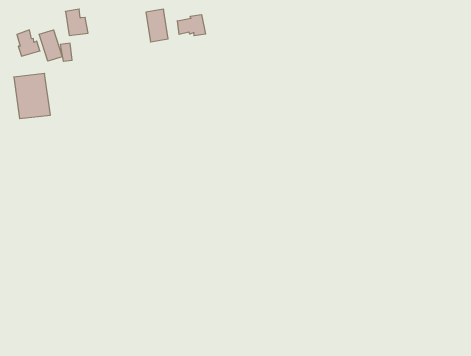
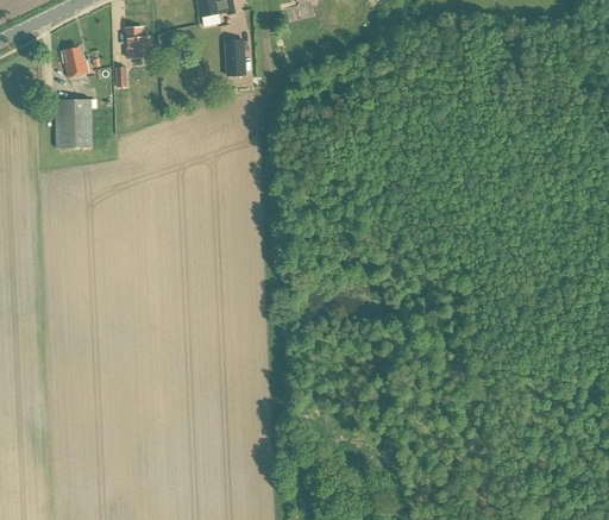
building: [177,15,205,36] -> none
building: [39,30,62,61] -> none

